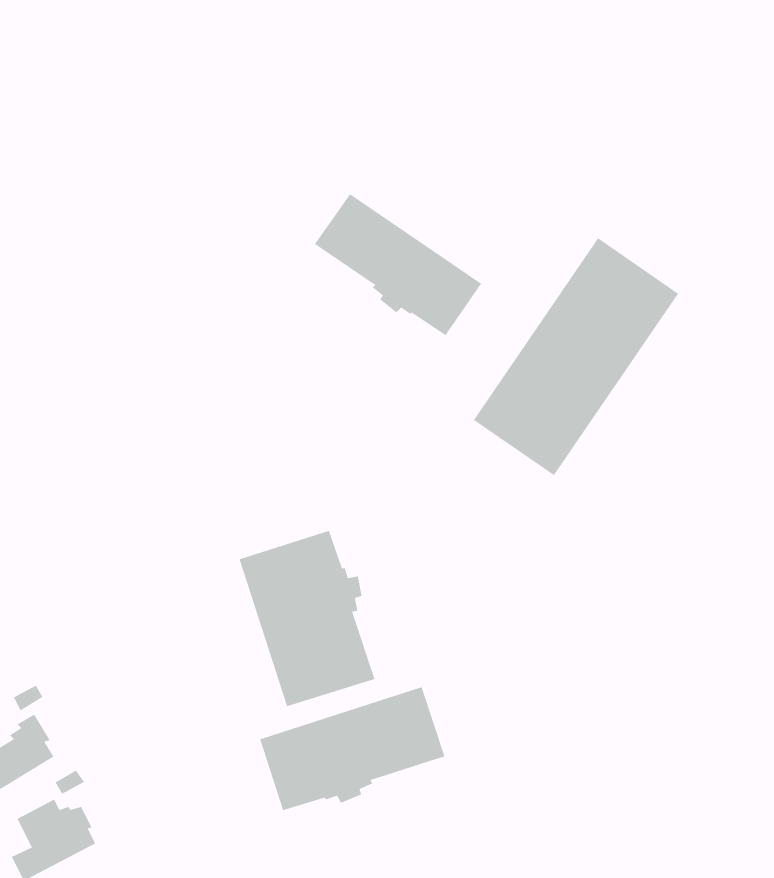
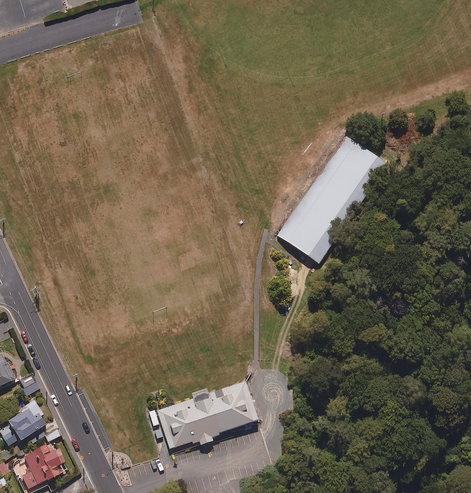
building: [314,193,482,336] -> none
building: [239,530,375,707] -> none

